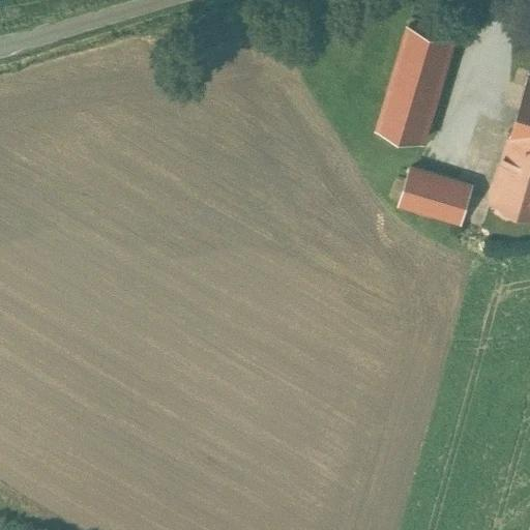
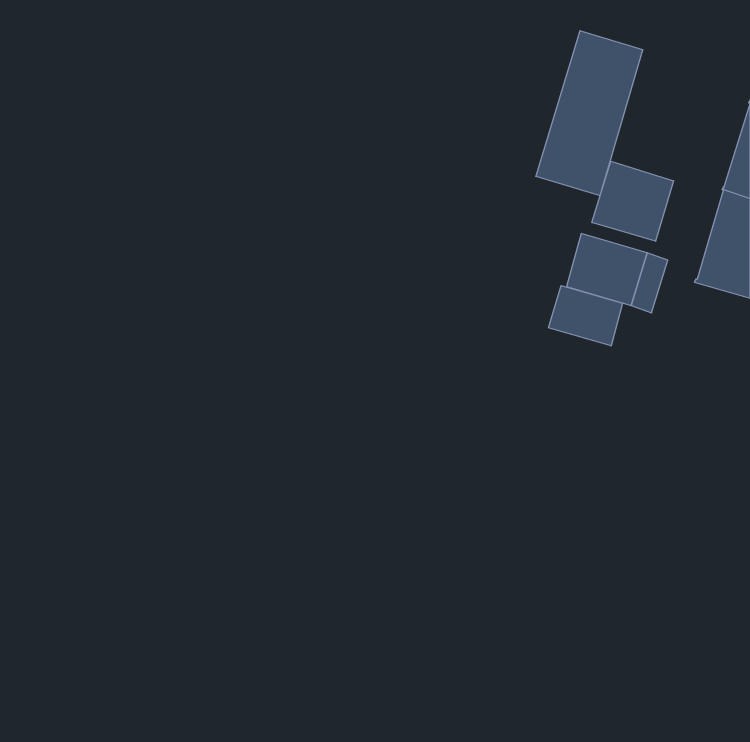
building: none -> [592,161,674,241]
building: none -> [548,286,623,346]

